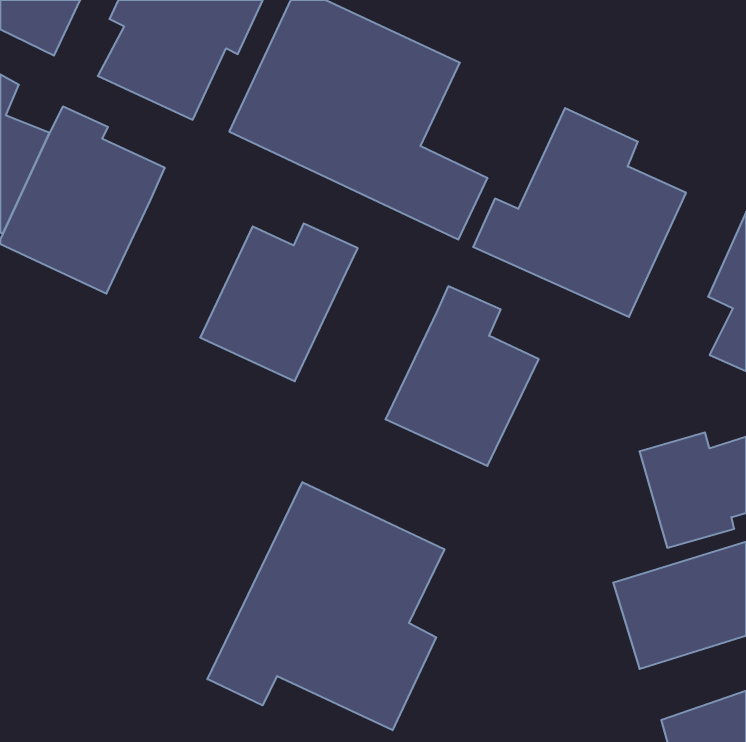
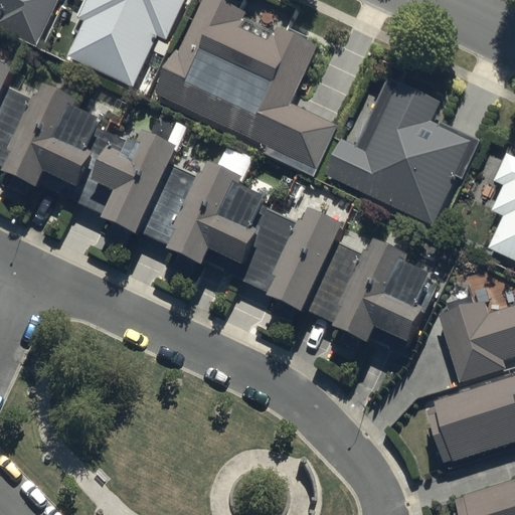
building: none -> [73,126,181,235]
building: none -> [203,191,301,292]
building: none -> [338,243,442,358]
building: [207,482,444,730] -> none

